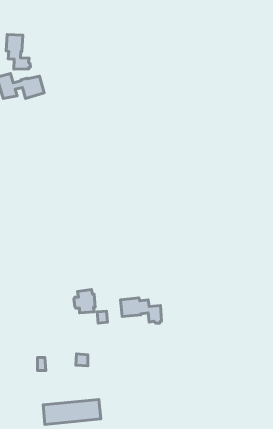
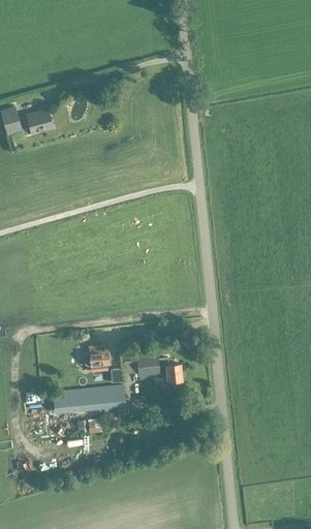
building: [6,35,30,69] -> none
building: [43,399,101,424] -> [62,384,126,412]

